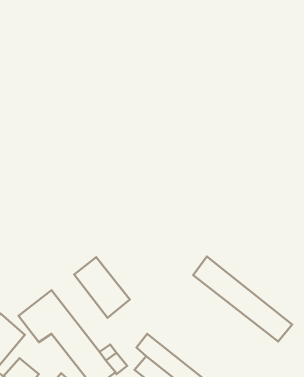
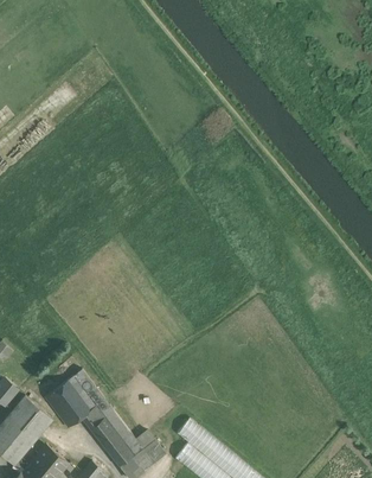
building: [193,257,292,342] -> none
building: [74,257,130,318] -> none

